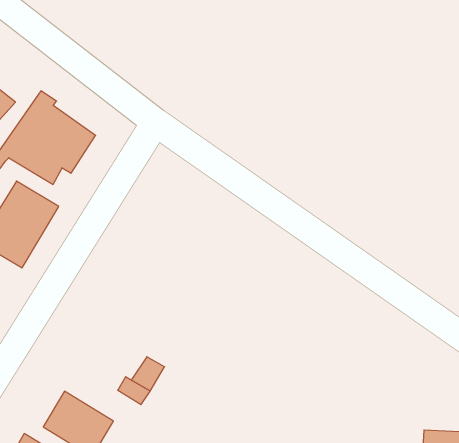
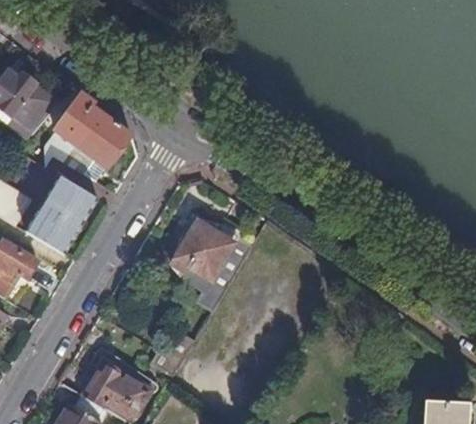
building: none -> [169,208,243,295]

